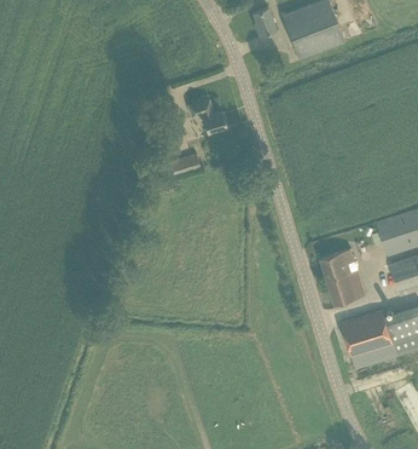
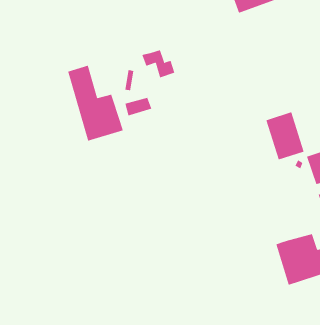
building: none -> [67,65,123,142]
building: [320,248,365,304] -> [265,112,305,160]

